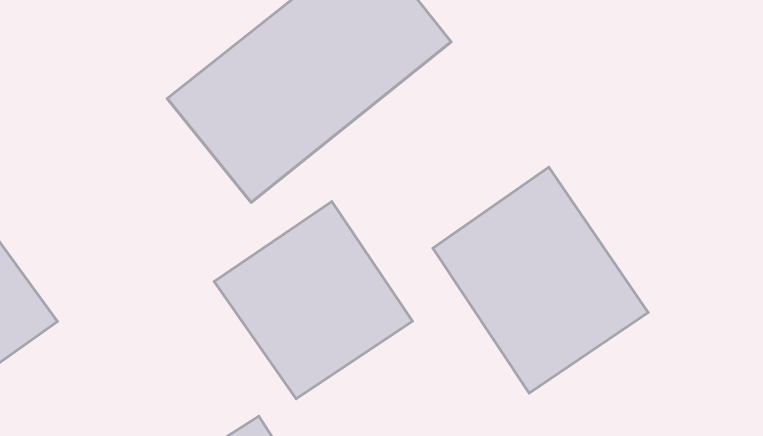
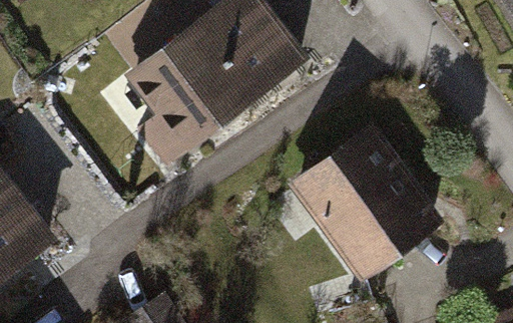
building: [214,201,413,399] -> none

